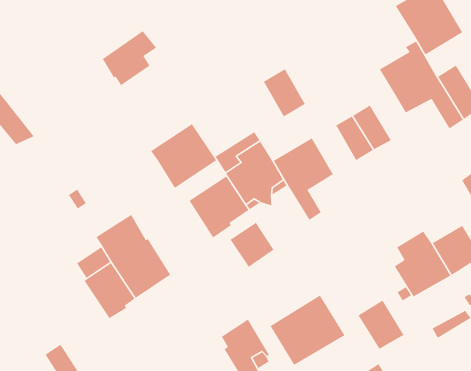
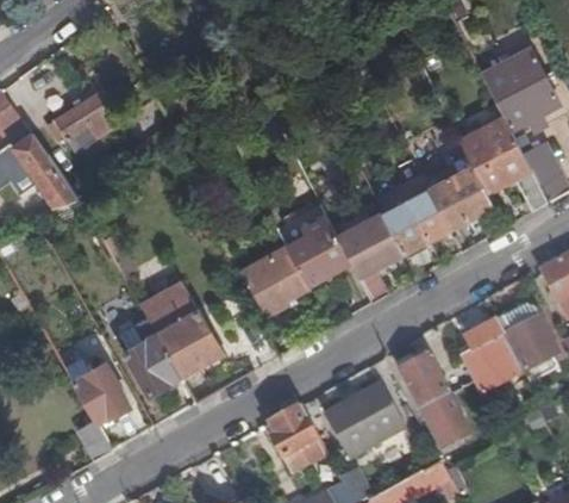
building: [102,30,157,86] -> [57,86,118,145]
building: [263,68,306,117] -> [382,200,427,254]
building: none -> [446,167,493,221]
building: [150,123,217,189] -> none
building: [229,222,274,268] -> none
building: none -> [396,355,448,409]
building: none -> [73,365,129,424]

